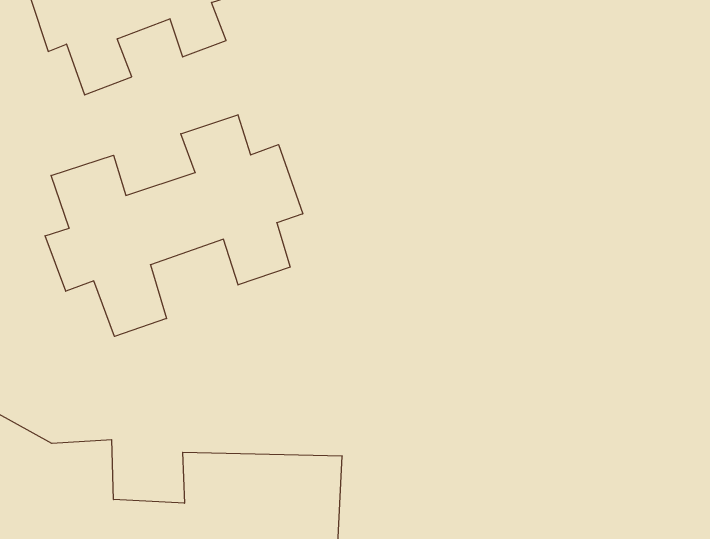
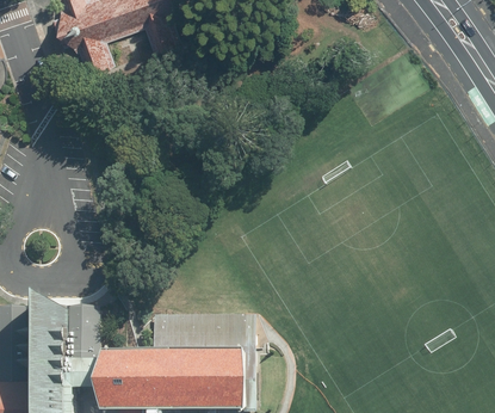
building: [45,115,303,336] -> none

